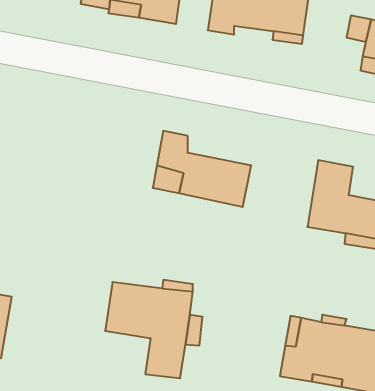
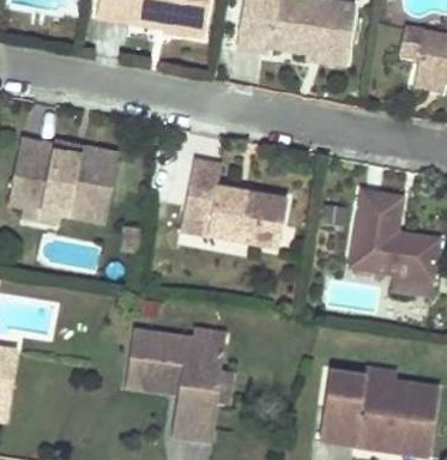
building: none -> [10,134,119,222]

